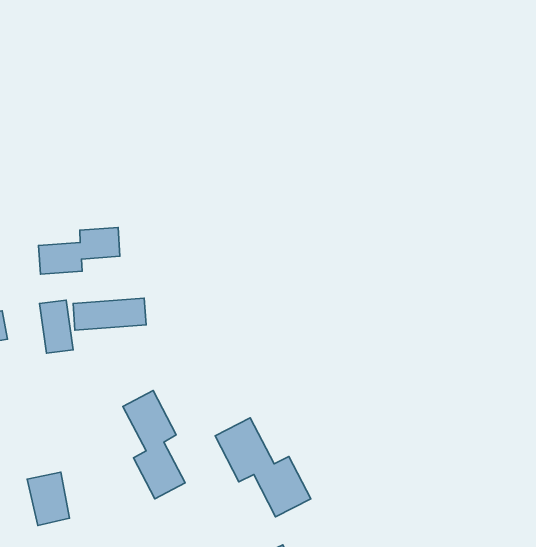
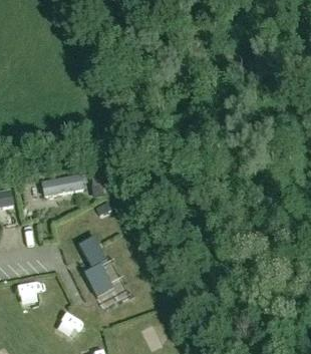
building: [38,227,120,274] -> none
building: [215,418,311,517] -> none

